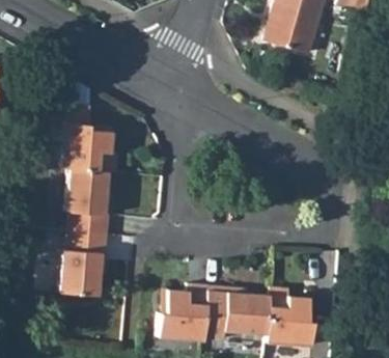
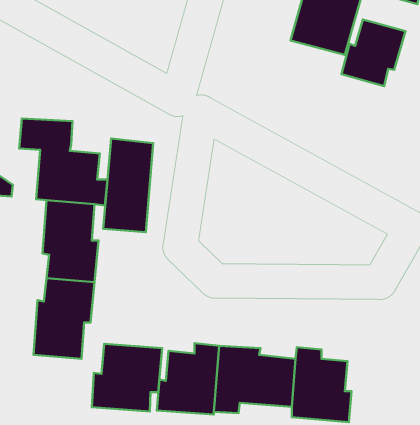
building: none -> [341,19,405,86]
building: none -> [103,139,153,232]
building: none -> [92,344,162,411]

